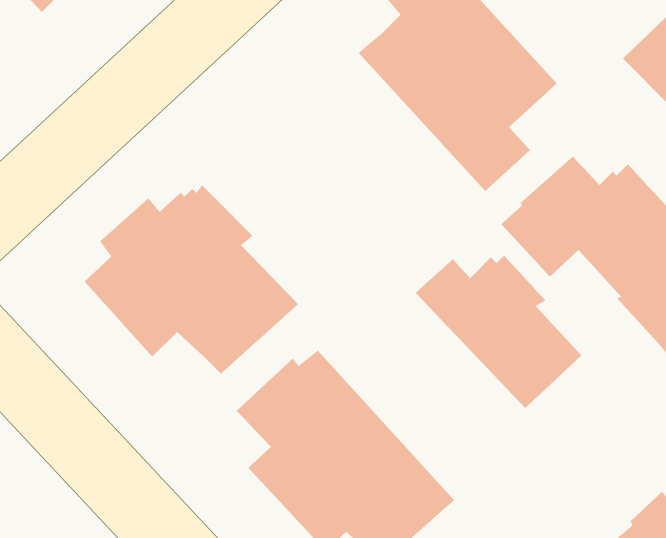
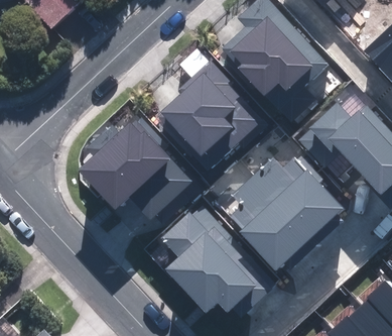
building: none -> [154,60,265,177]
building: none -> [229,176,310,272]

